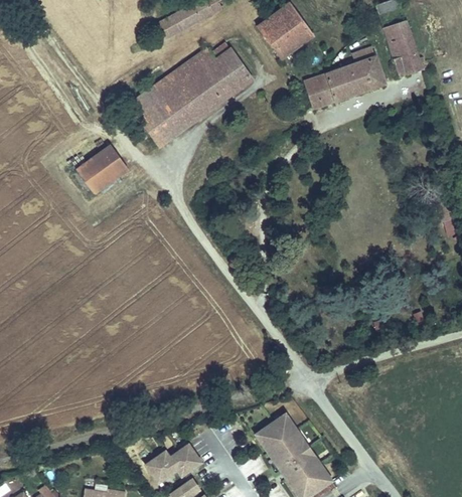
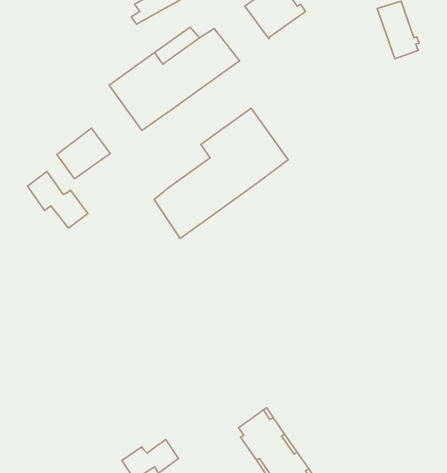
building: [309,46,389,109] -> none
building: none -> [154,108,288,238]
building: none -> [27,171,88,228]

